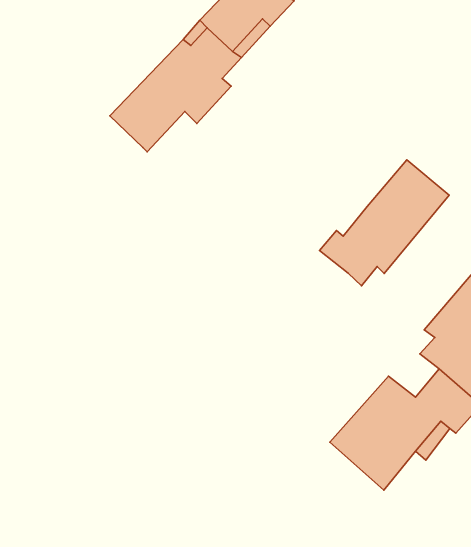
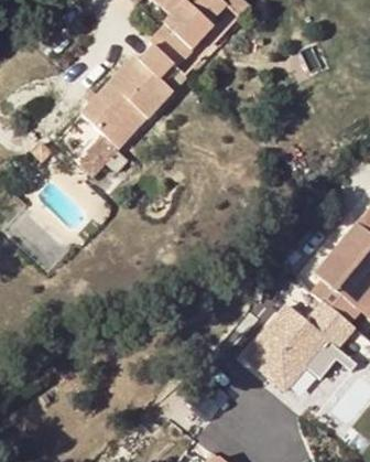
building: none -> [81,108,146,173]
building: [319,160,449,286] -> none

